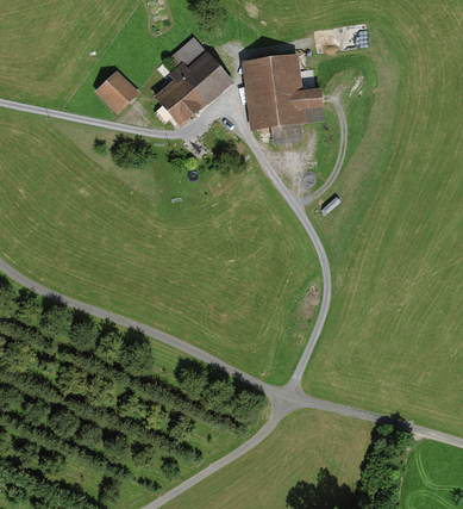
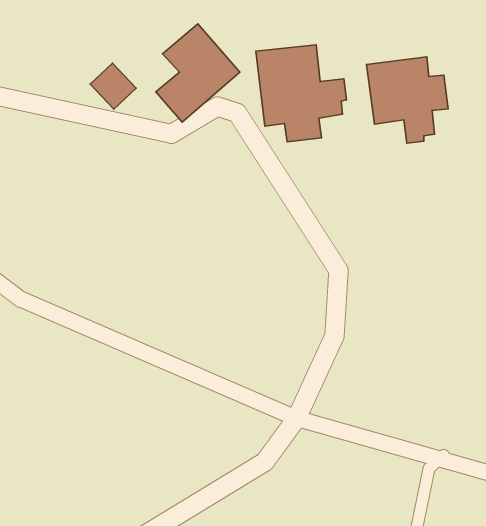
building: none -> [366,57,448,143]

